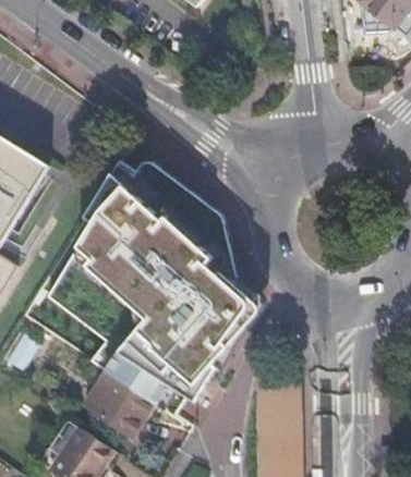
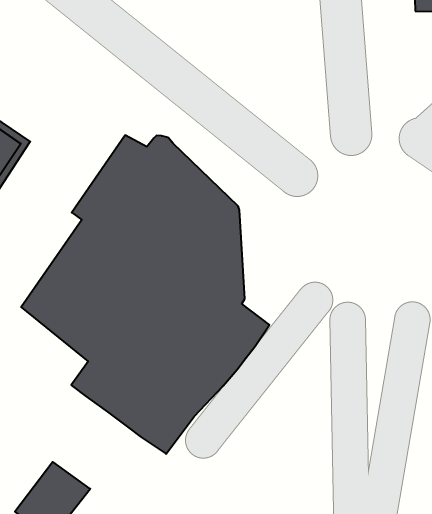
building: [86,372,155,437] -> none

